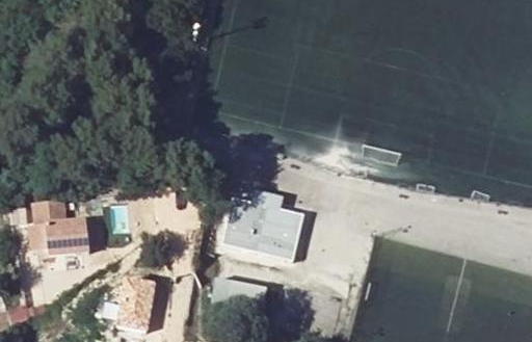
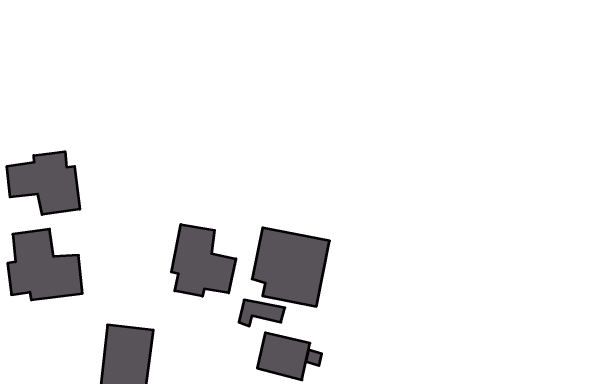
building: none -> [7,152,80,215]
building: none -> [171,224,236,296]

